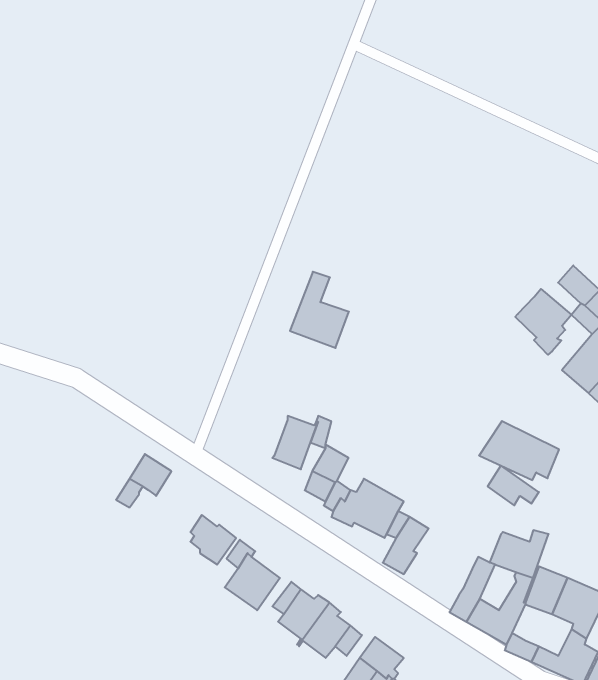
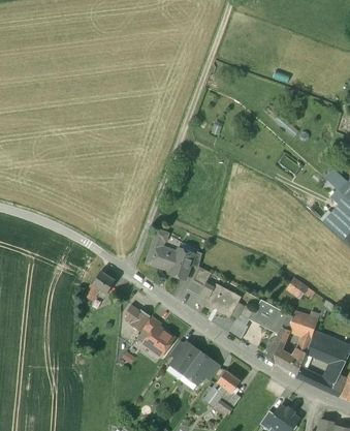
building: [290,272,349,348] -> [146,229,178,271]
building: [515,289,571,355] -> none
building: [479,421,559,480] -> [250,298,293,330]

